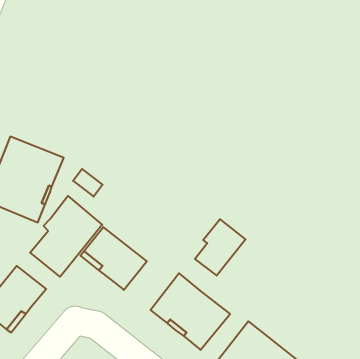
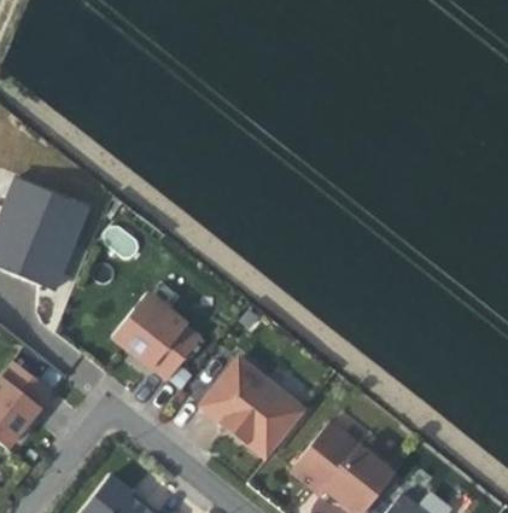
building: [30,196,102,277] -> none
building: [195,219,246,276] -> none

